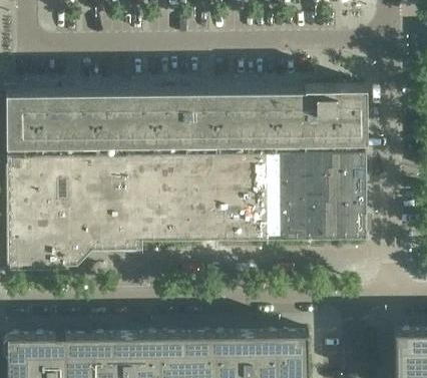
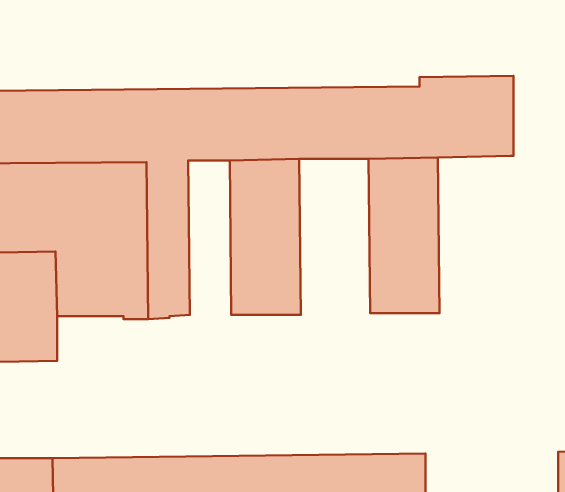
building: [317,139,367,242] -> none
building: [227,141,273,243] -> none
building: [154,142,182,243] -> none

